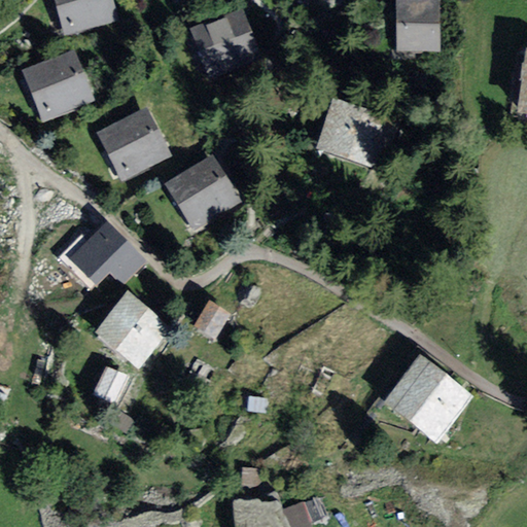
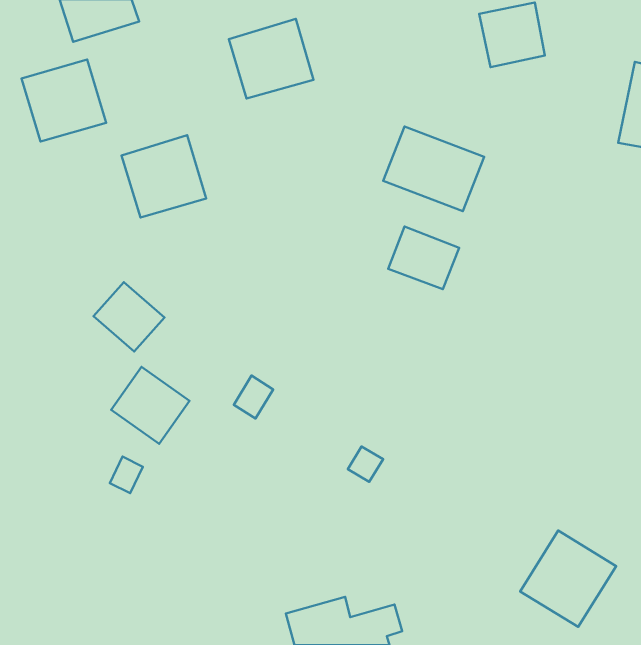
building: [164,156,236,229] -> none
building: none -> [388,226,459,289]
building: [384,363,462,442] -> [520,531,616,627]

